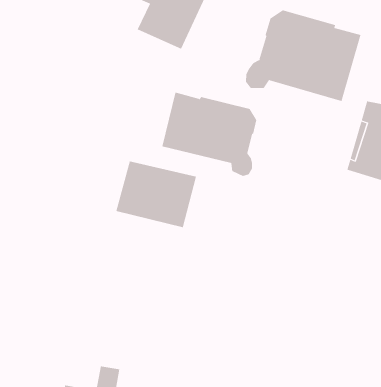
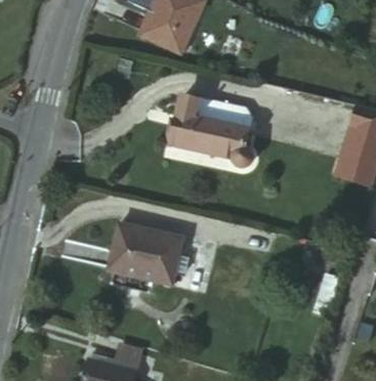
building: [246,9,361,102] -> none
building: [116,161,197,228] -> [118,223,193,285]

